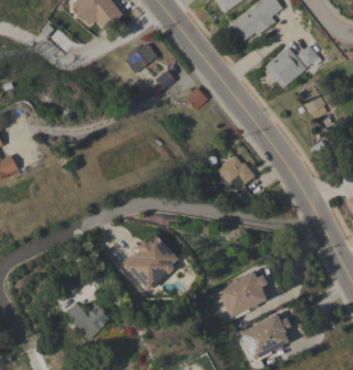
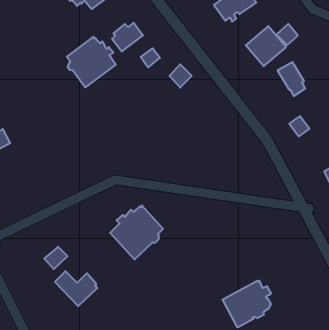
building: none -> [67,37,116,87]
building: [217,155,255,188] -> none
building: [216,270,268,320] -> none

